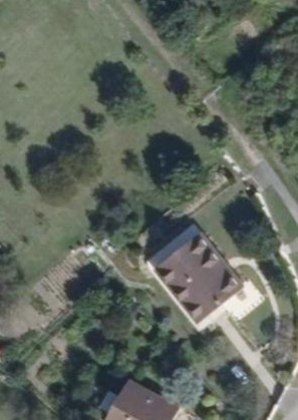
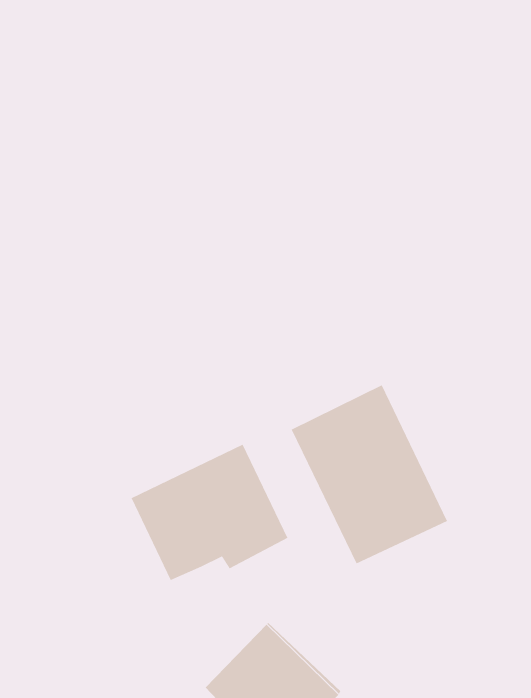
building: none -> [131,444,288,581]

